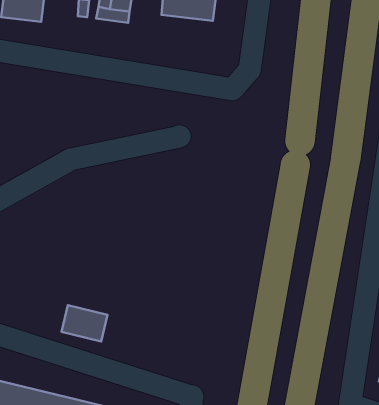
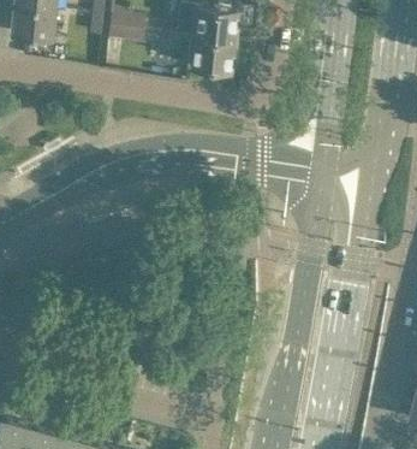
building: none -> [187,37,233,75]
building: [62,305,107,341] -> none

